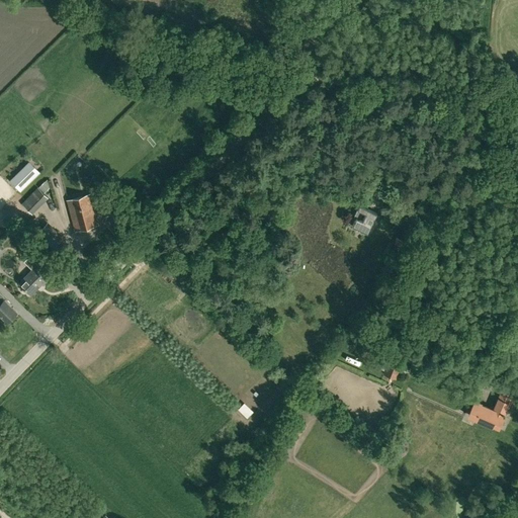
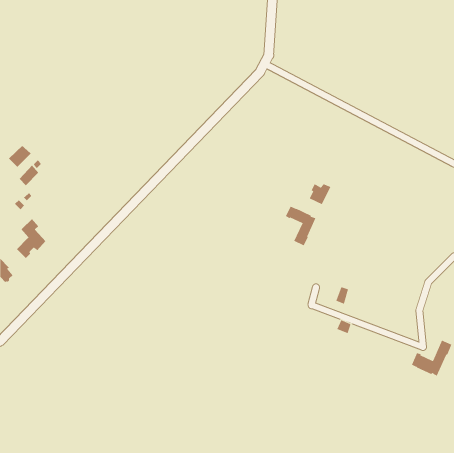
building: [67,196,97,232] -> none
building: none -> [285,206,316,246]

